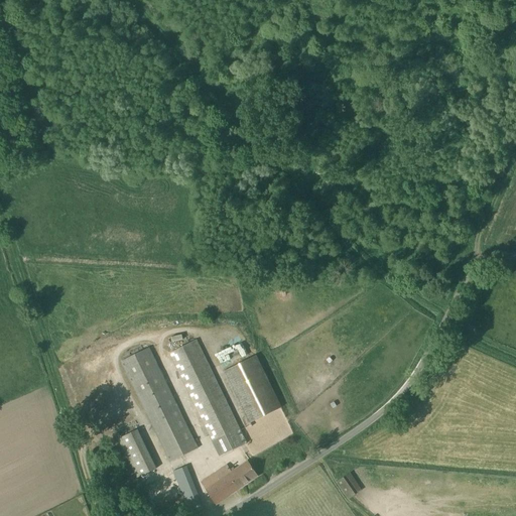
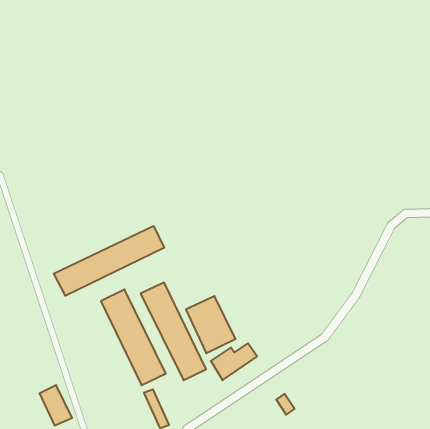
building: none -> [54,226,164,296]
building: [118,428,157,477] -> [39,385,72,425]
building: [203,460,258,504] -> [211,343,257,380]

